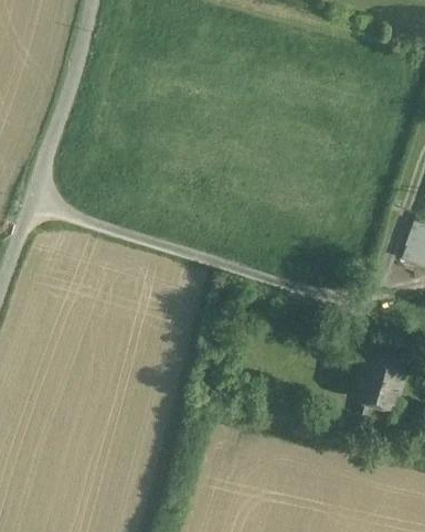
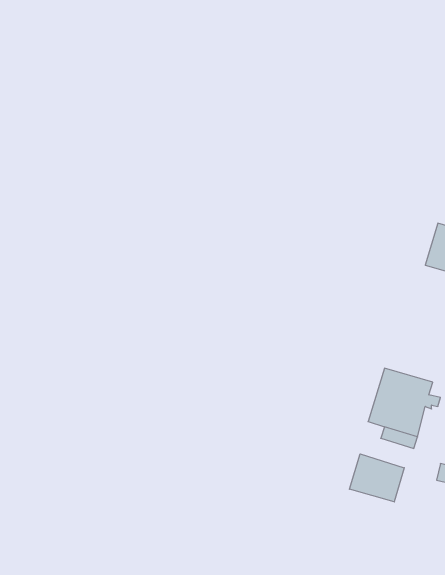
building: none -> [349,454,404,502]

